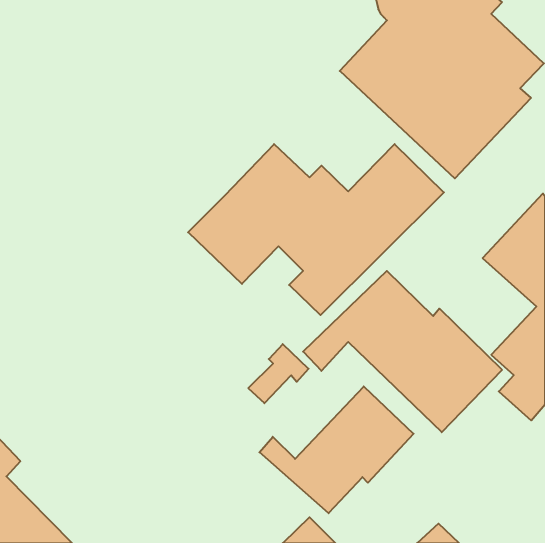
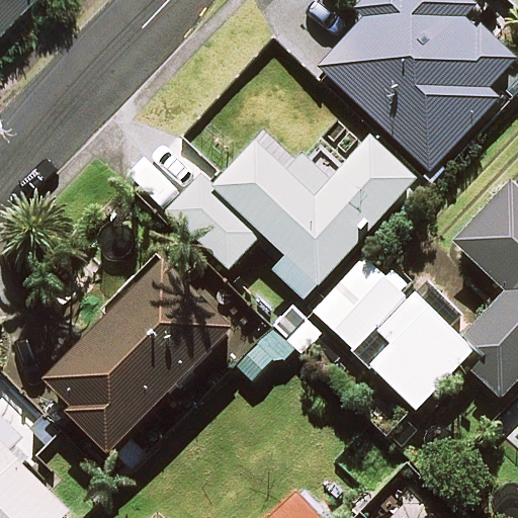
building: none -> [47,266,235,467]
building: [259,386,414,513] -> none

